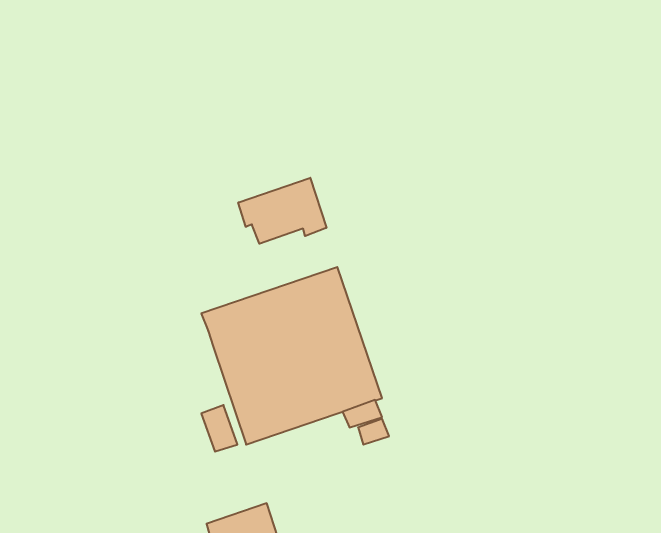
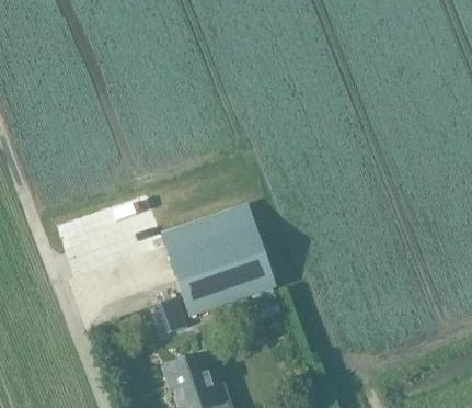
building: [238,178,326,244] -> none

